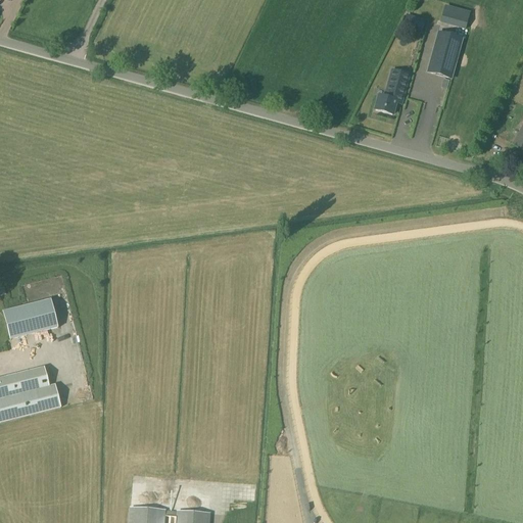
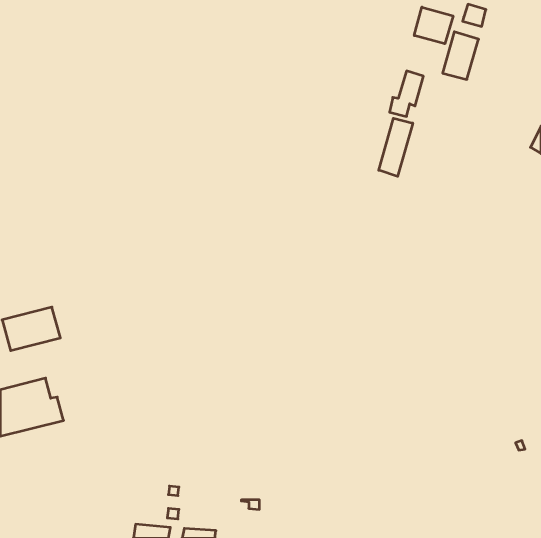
building: none -> [414,7,453,44]
building: none -> [379,118,413,176]

